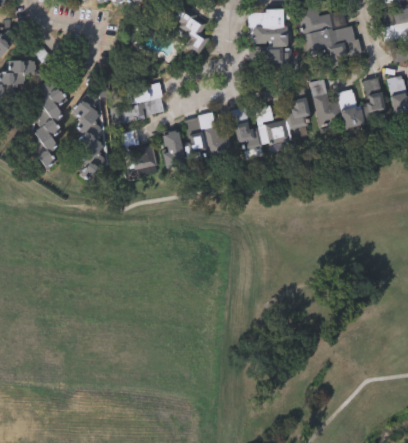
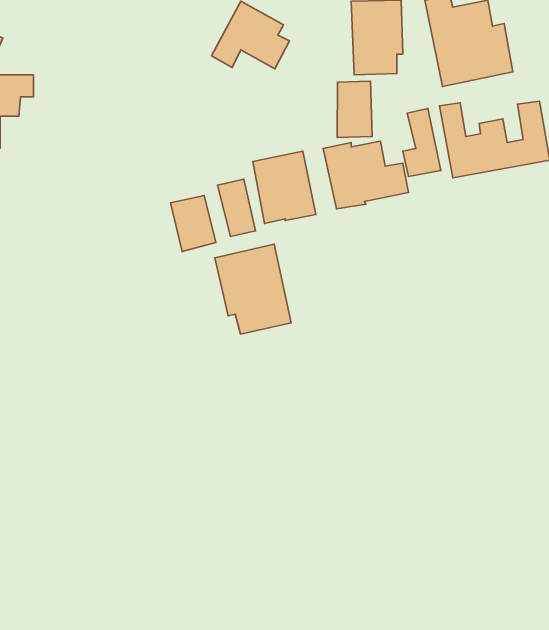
building: none -> [337,81,372,138]
building: [121,80,165,119] -> none
building: [34,82,65,165] -> none
building: [70,90,103,161] -> none
building: none -> [215,244,291,334]

